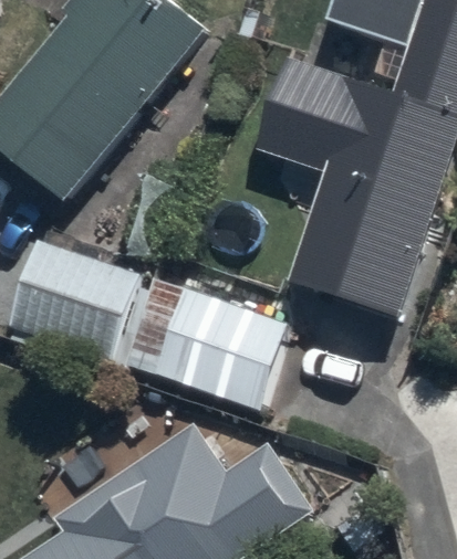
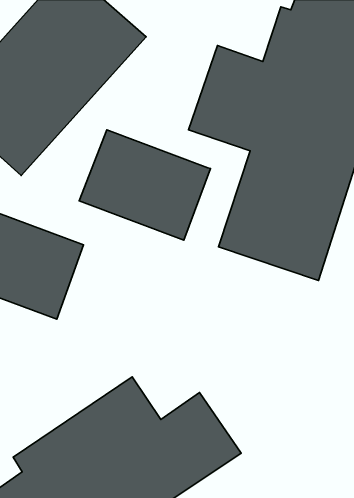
building: none -> [79,130,210,240]
building: [117,276,285,410] -> none

